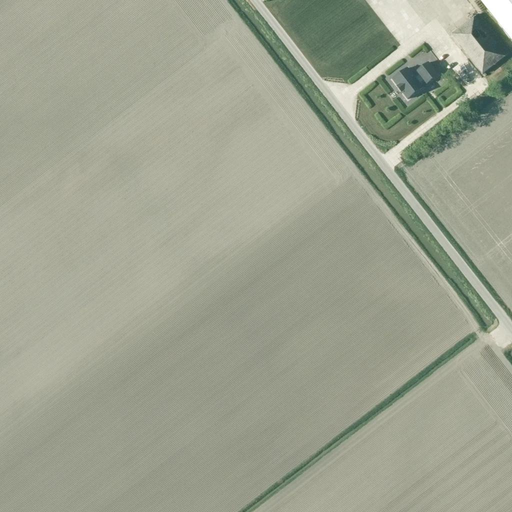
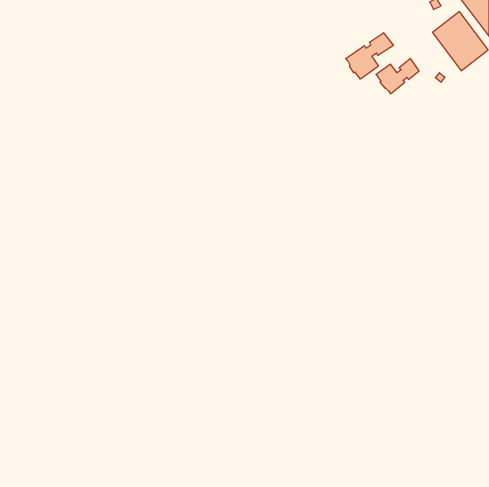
building: none -> [346,33,393,79]

